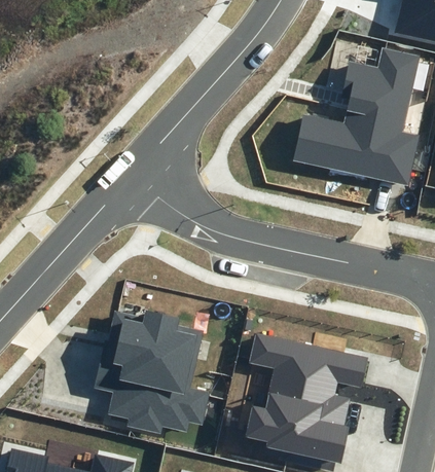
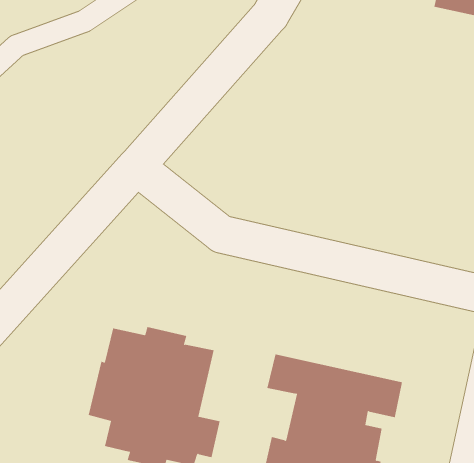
building: [292,48,420,186] -> none

